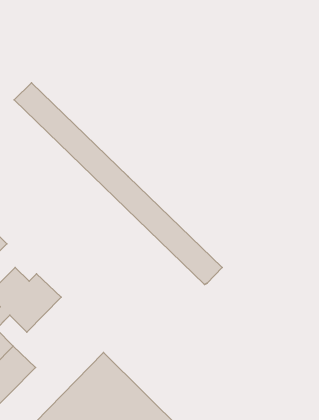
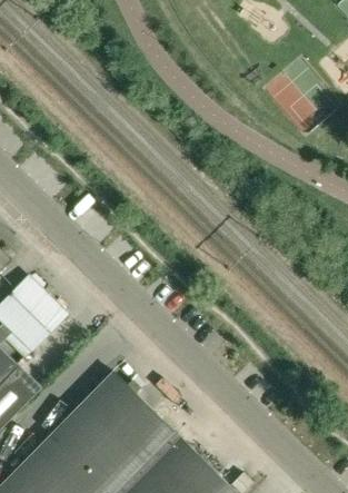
building: [14,83,222,285] -> none

